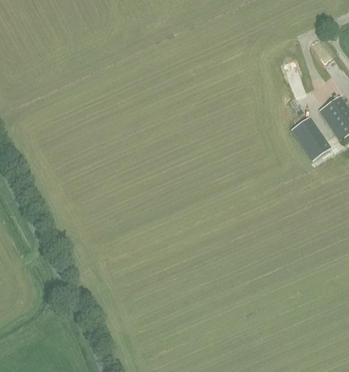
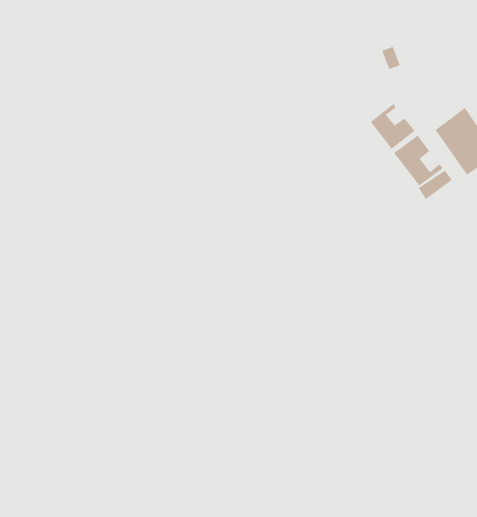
building: none -> [370,103,415,150]

